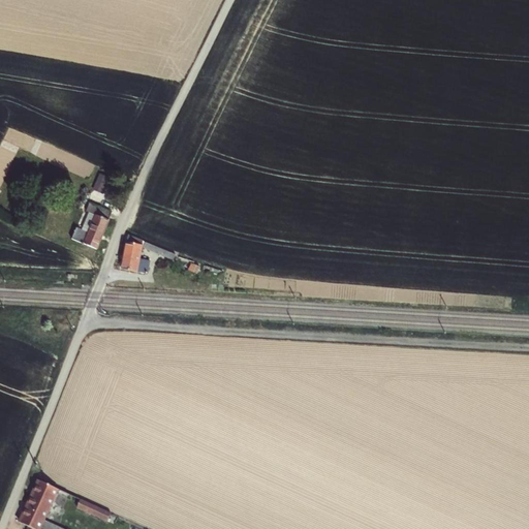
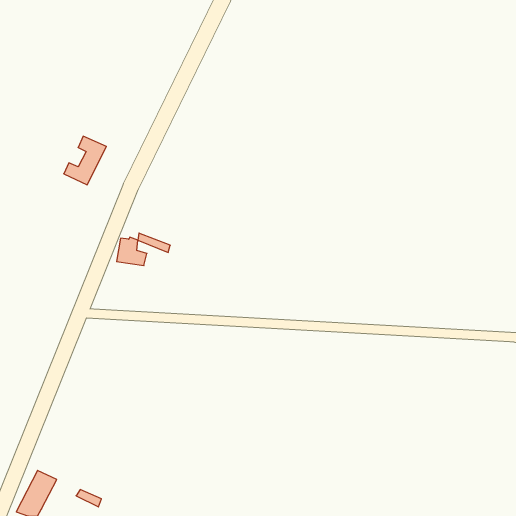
building: [69,197,113,247] -> [64,136,106,185]

